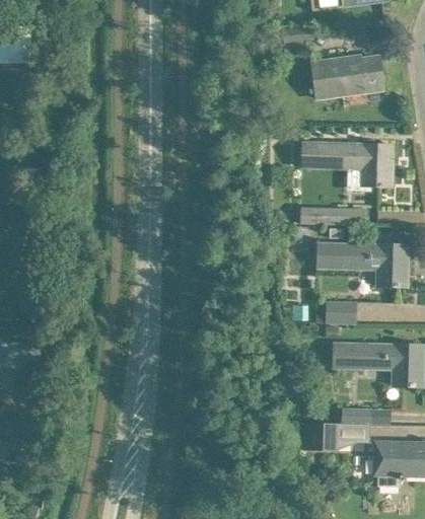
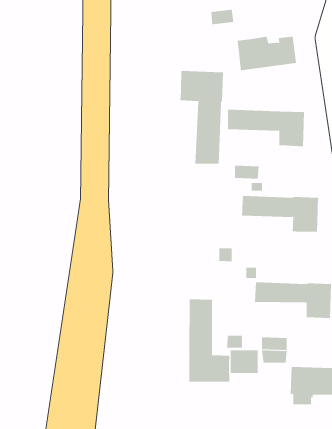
building: none -> [180,70,224,165]
building: [316,301,356,324] -> none
building: none -> [189,298,230,382]

